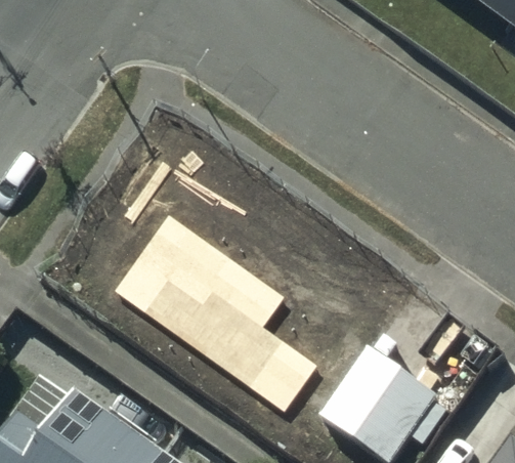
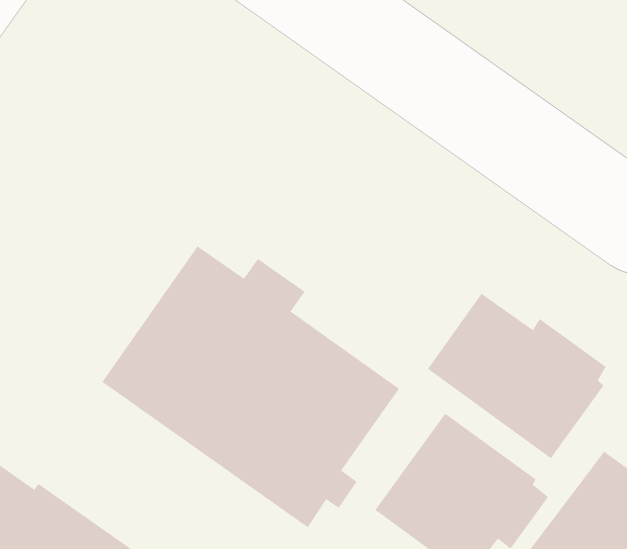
building: none -> [427,293,607,459]

